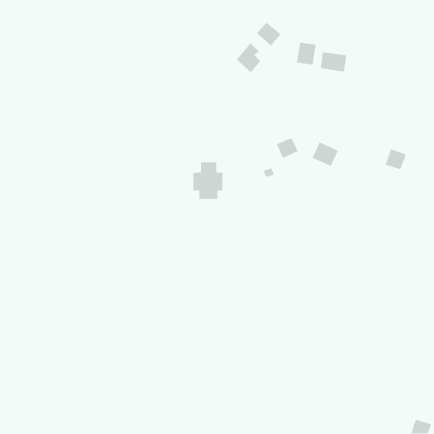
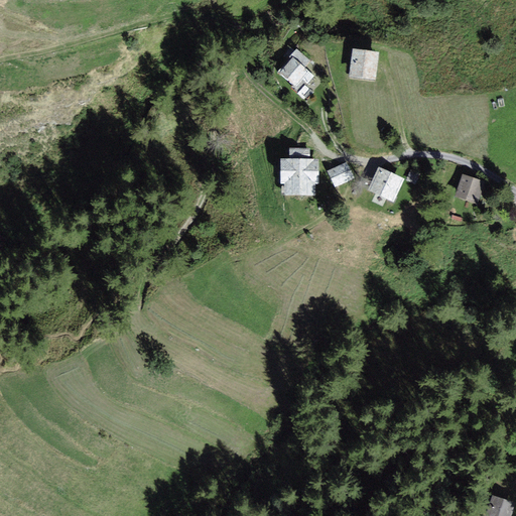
building: [256,22,282,47] -> none
building: [320,51,347,73] -> none
building: [193,161,223,200] -> [279,148,315,194]

